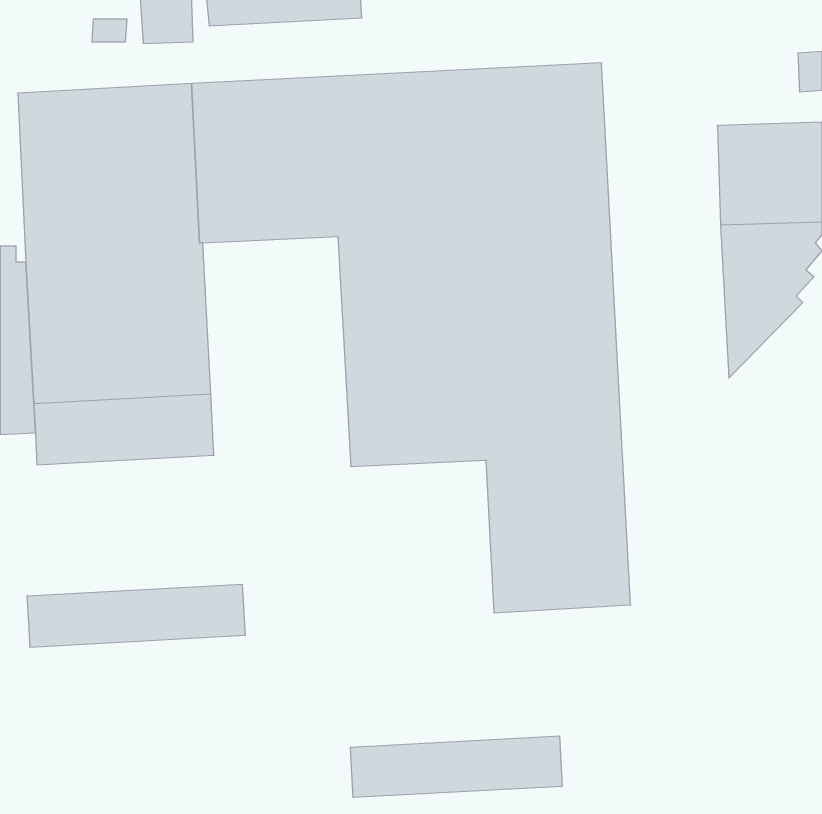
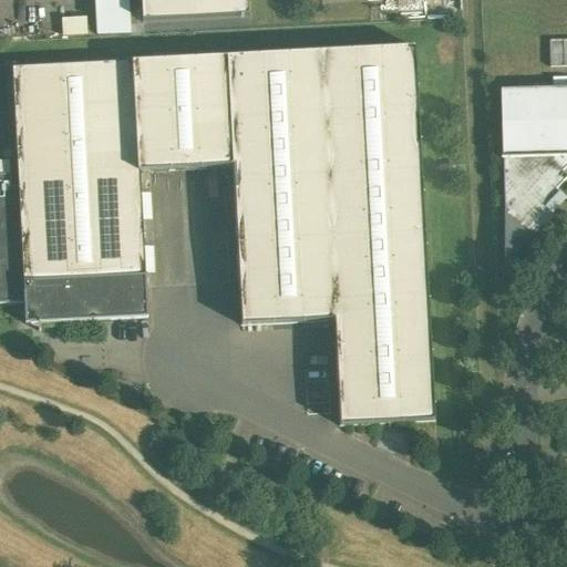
building: [27,584,245,647] -> none
building: [350,736,562,798] -> none

